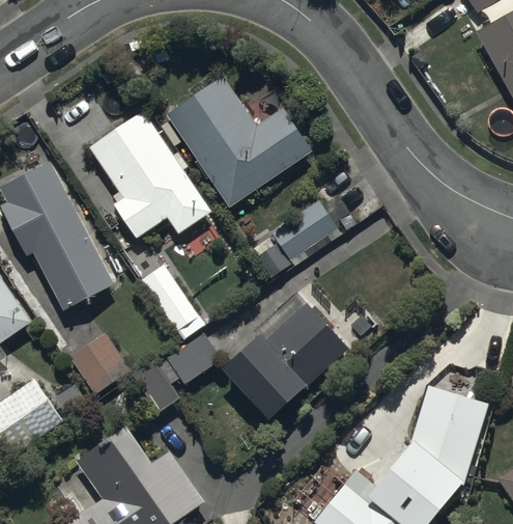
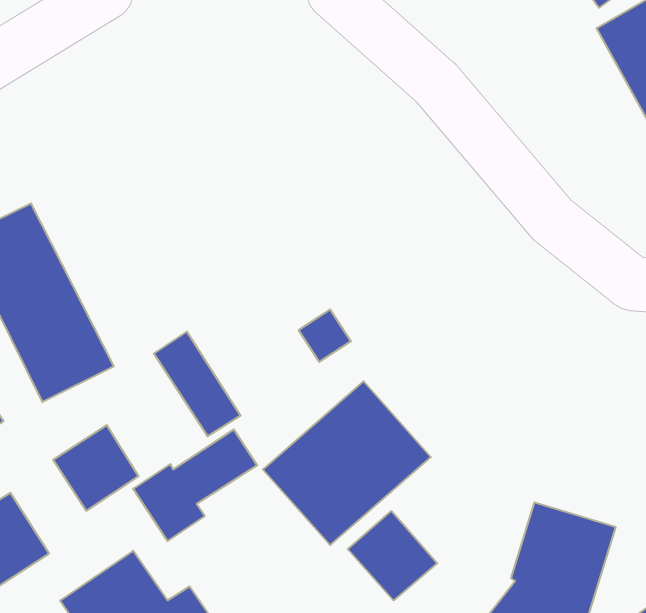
building: [168,74,312,203] -> none
building: [90,110,212,239] -> none
building: [272,198,340,260] -> none
building: none -> [348,511,437,600]

